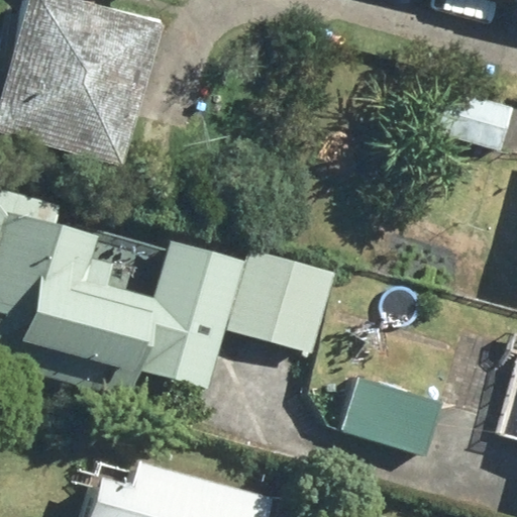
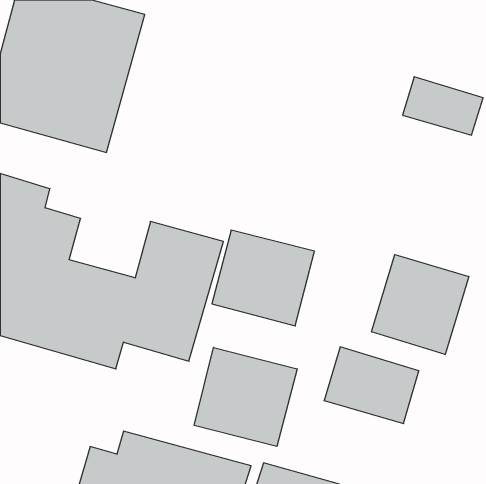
building: none -> [372,255,469,355]
building: none -> [194,347,297,446]

